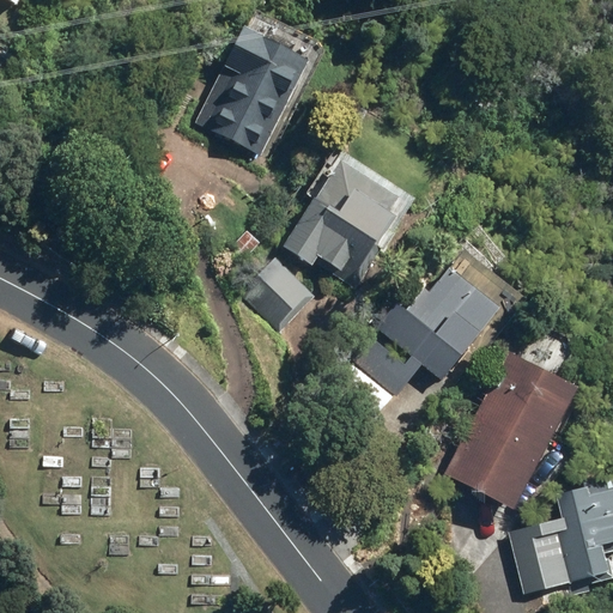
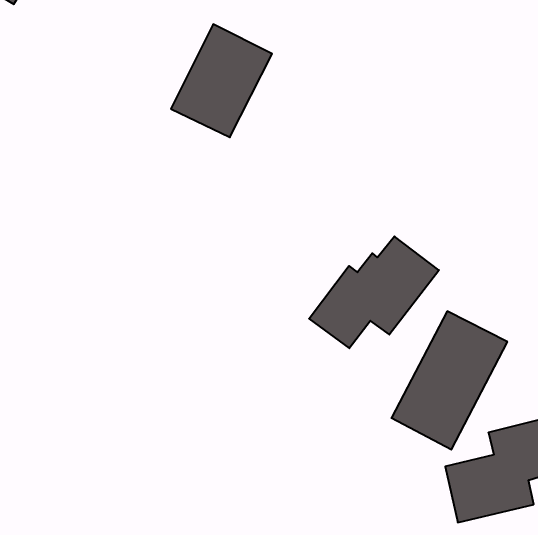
building: [284,159,399,278] -> none
building: [243,261,308,326] -> none

